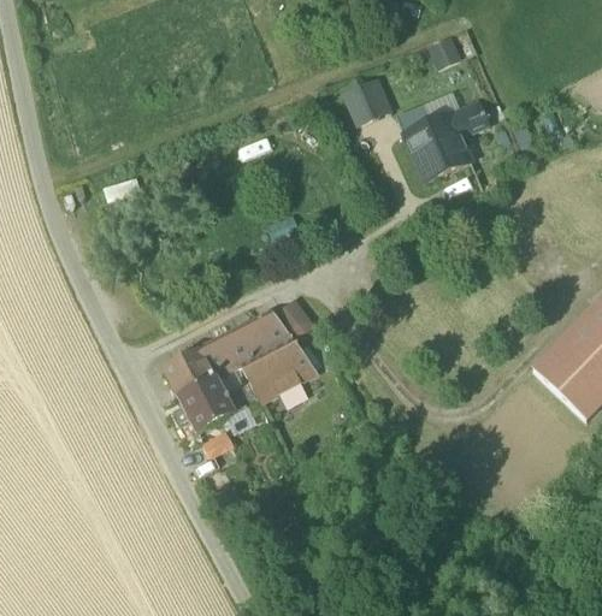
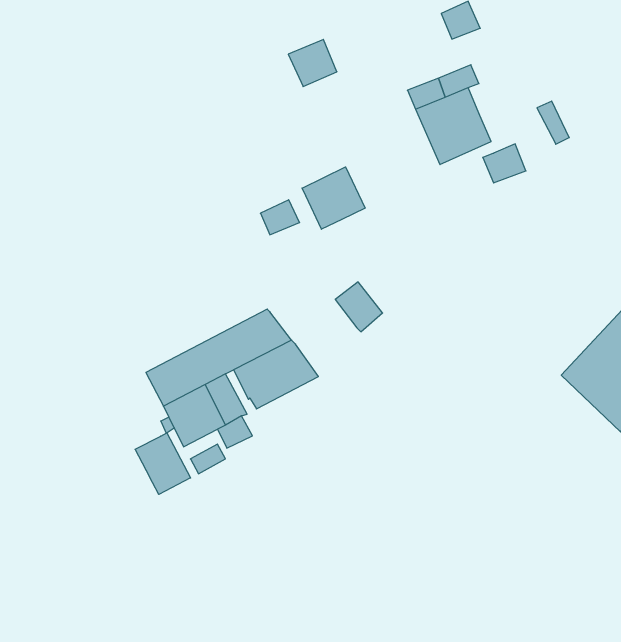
building: [346,81,389,123] -> [288,39,337,87]
building: [450,101,489,136] -> [483,144,526,183]
building: none -> [302,167,365,229]
building: [273,297,315,342] -> [335,282,383,332]
building: none -> [135,433,191,494]

